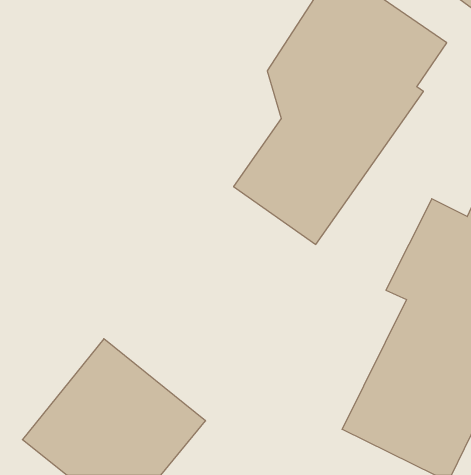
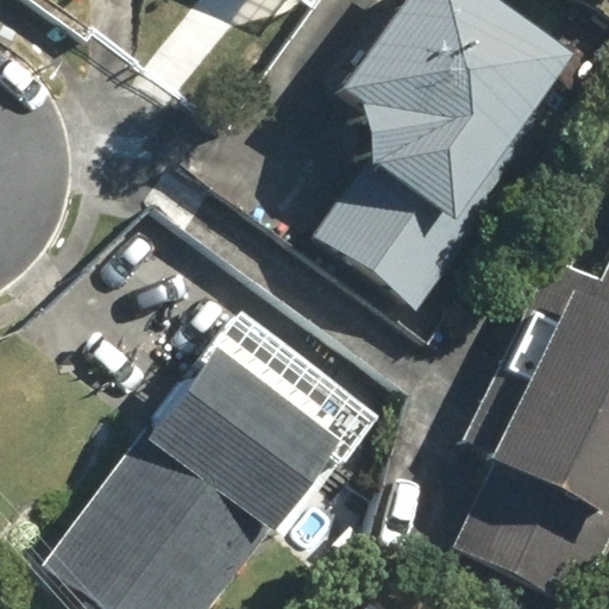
building: none -> [143,307,383,542]

